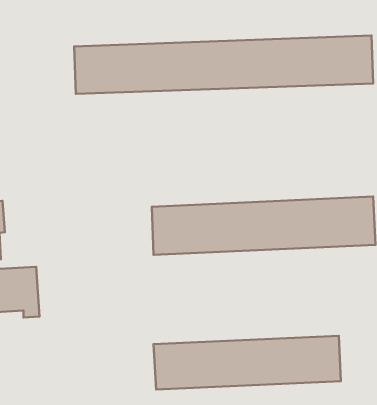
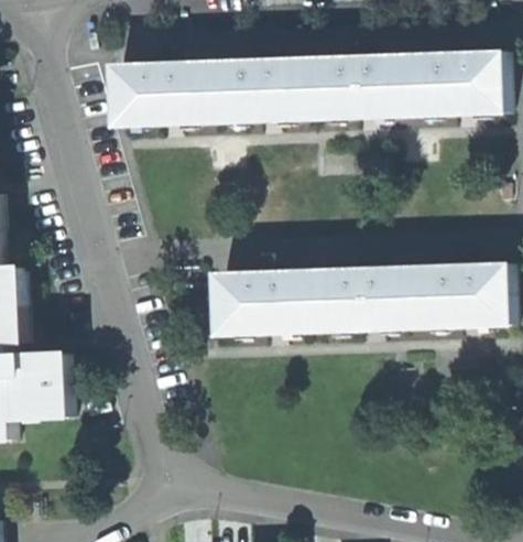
building: [154,336,341,390] -> none

